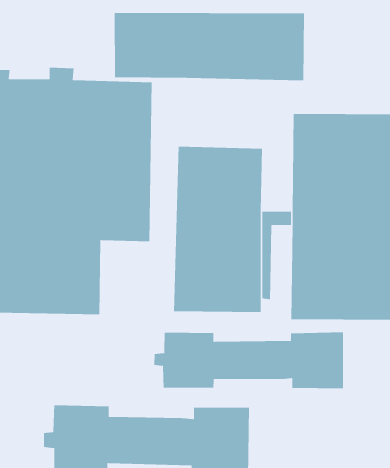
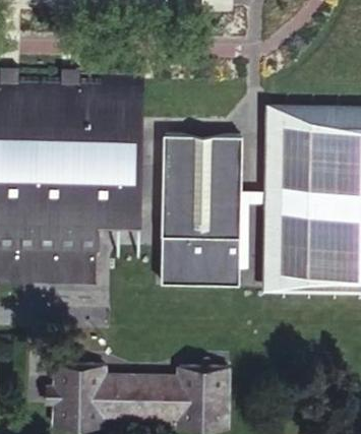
building: [114,12,305,81] -> none
building: [153,332,344,389] -> none

